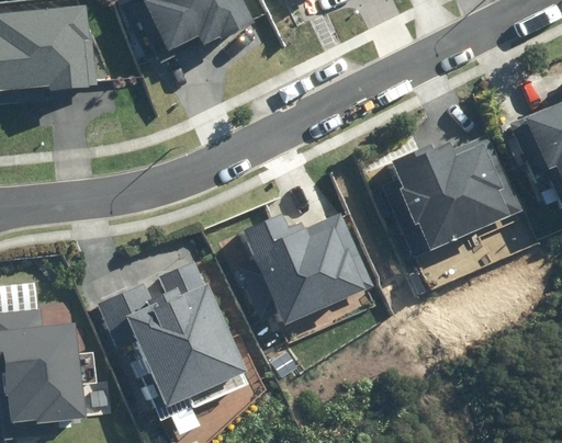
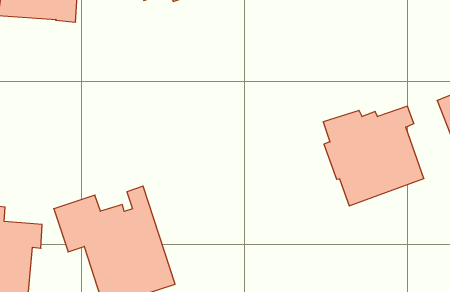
building: [237,209,373,329] -> none

